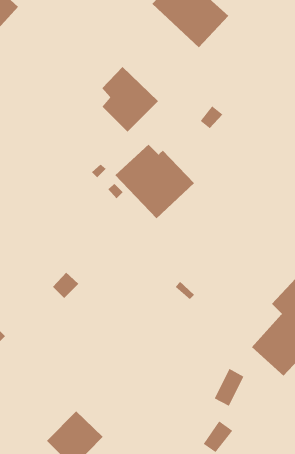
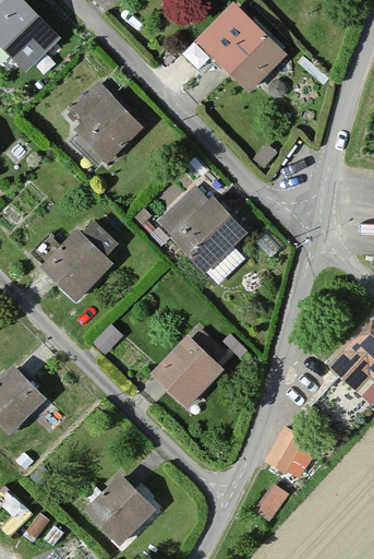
building: [101,66,159,133] -> [77,85,140,157]
building: none -> [45,221,117,293]
building: none -> [155,341,220,406]

